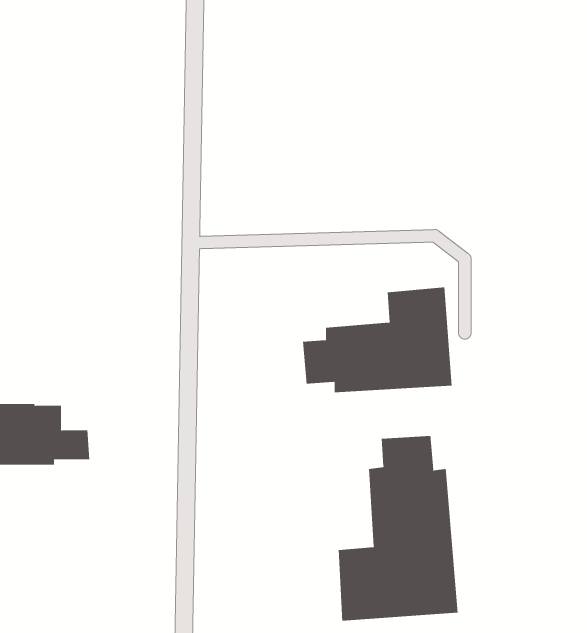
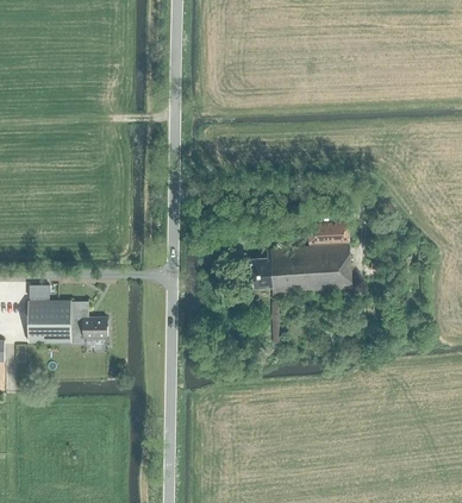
building: [338,435,458,621] -> none

